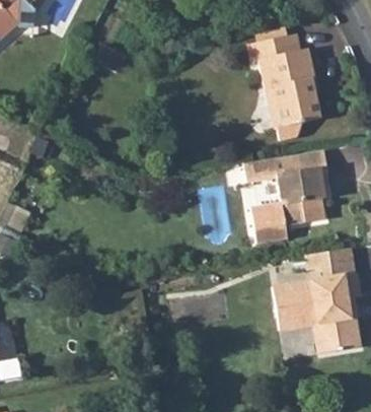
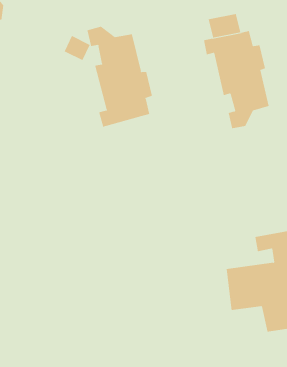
building: none -> [87,26,153,127]
building: [246,145,328,238] -> none

